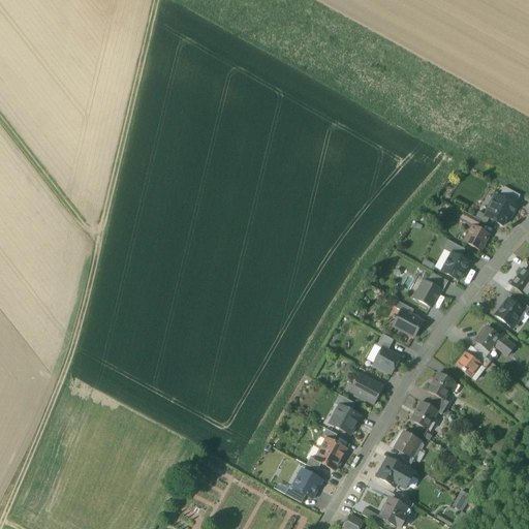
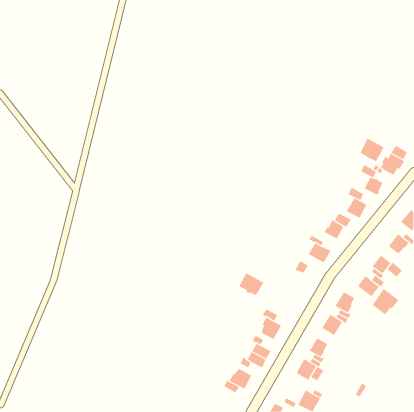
building: none -> [360,138,384,162]
building: [373,347,400,373] -> none
building: none -> [372,288,399,315]
building: [350,373,383,403] -> [238,272,264,296]

